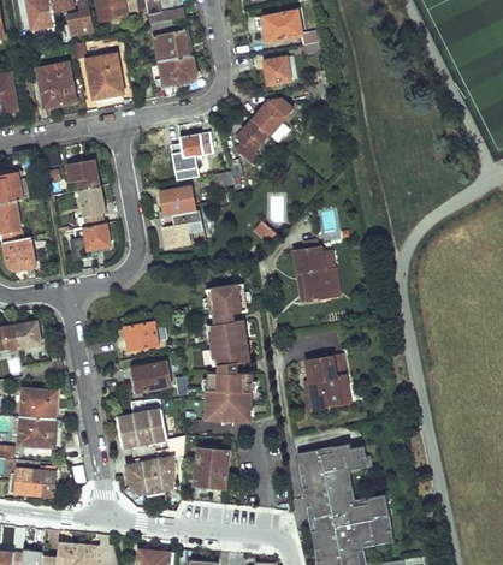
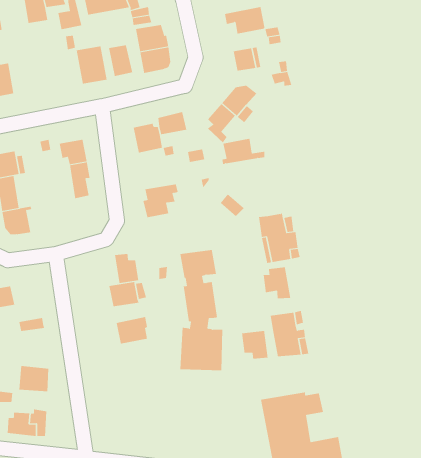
building: none -> [109,44,133,77]
building: [36,63,75,107] -> none
building: [160,188,209,218] -> [222,138,265,165]
building: [69,222,110,257] -> none
building: none -> [114,253,139,284]
building: none -> [263,266,291,299]
building: [13,321,40,347] -> none
building: none -> [241,330,268,359]
building: [24,389,58,420] -> none
building: [118,410,174,494] -> none
building: [195,446,227,486] -> none

